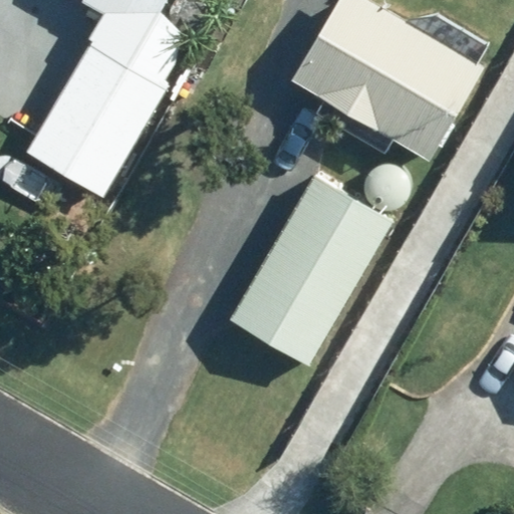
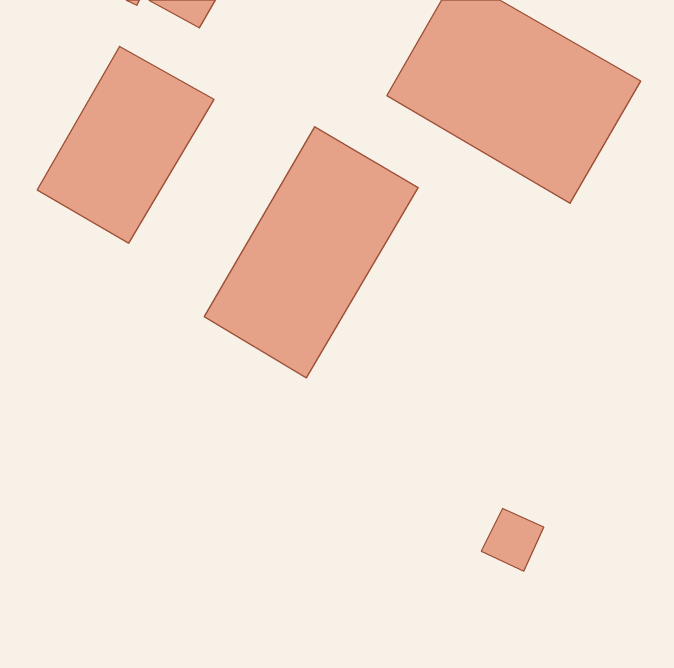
building: [232,176,394,365] -> [204,127,418,378]

